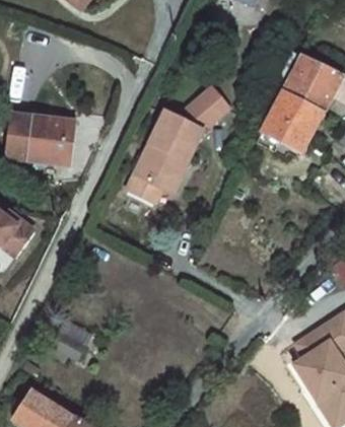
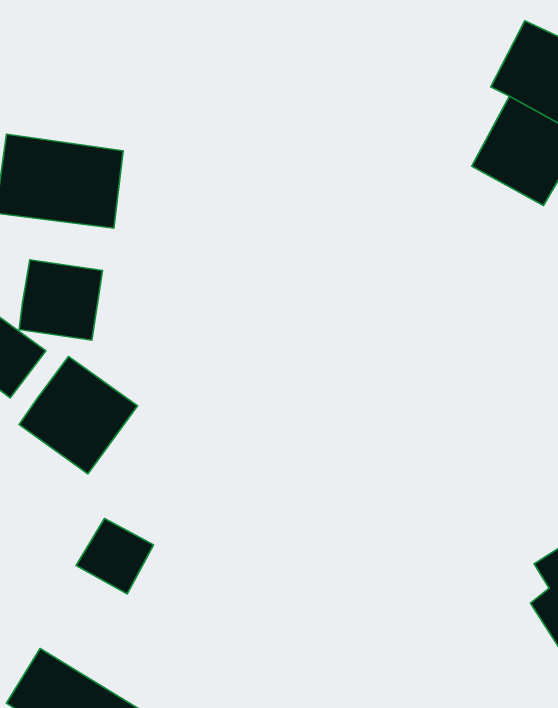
building: [127,87,228,202] -> none
building: none -> [19,260,103,340]
building: none -> [19,357,137,474]

